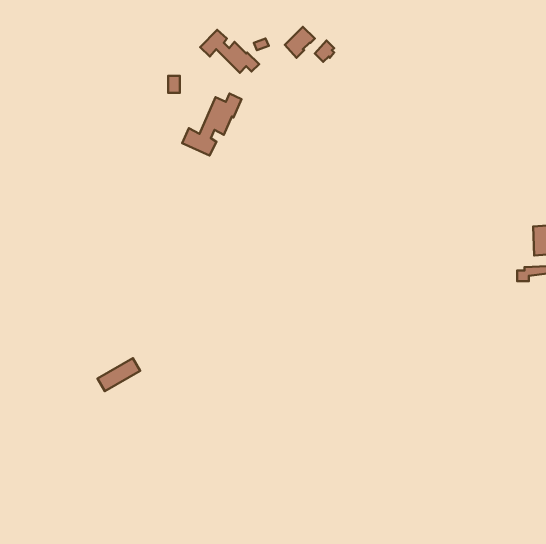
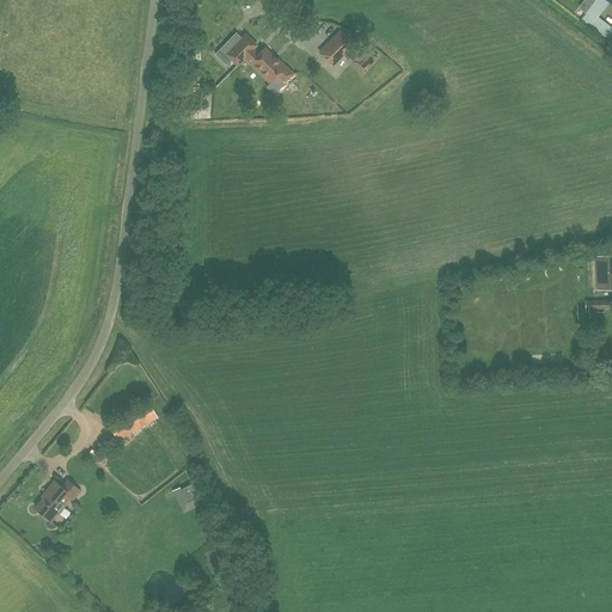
building: [182,94,241,155] -> none
building: none -> [36,478,80,519]

